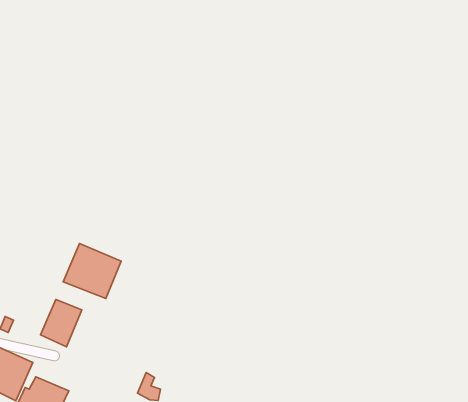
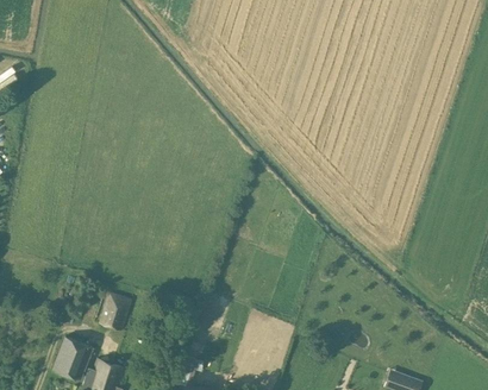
building: [63,244,121,298] -> none

